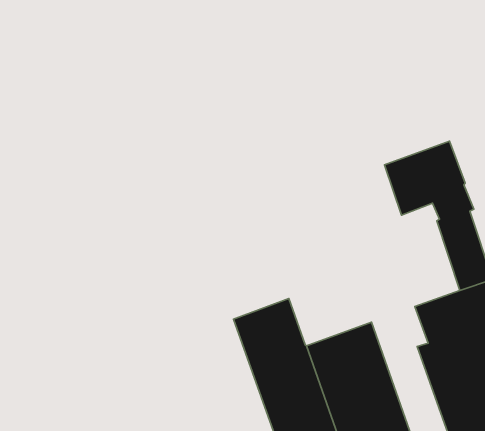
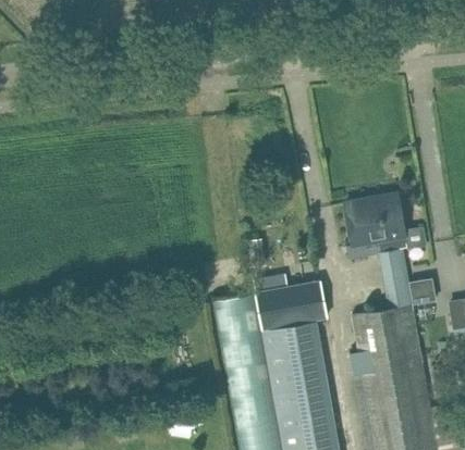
building: none -> [257,280,329,329]

